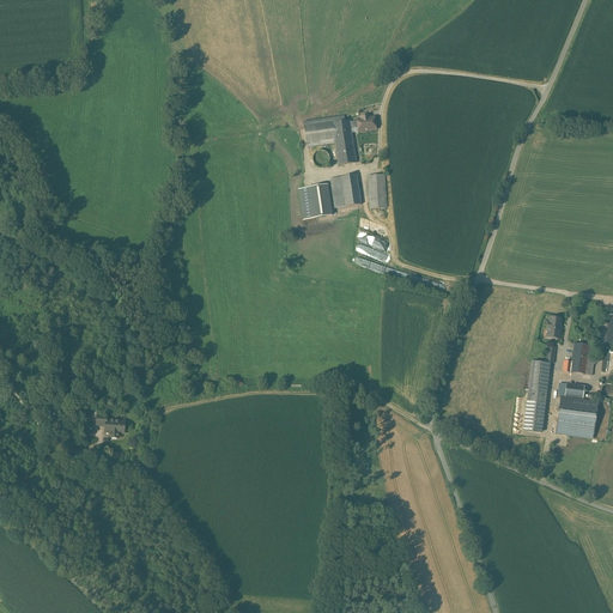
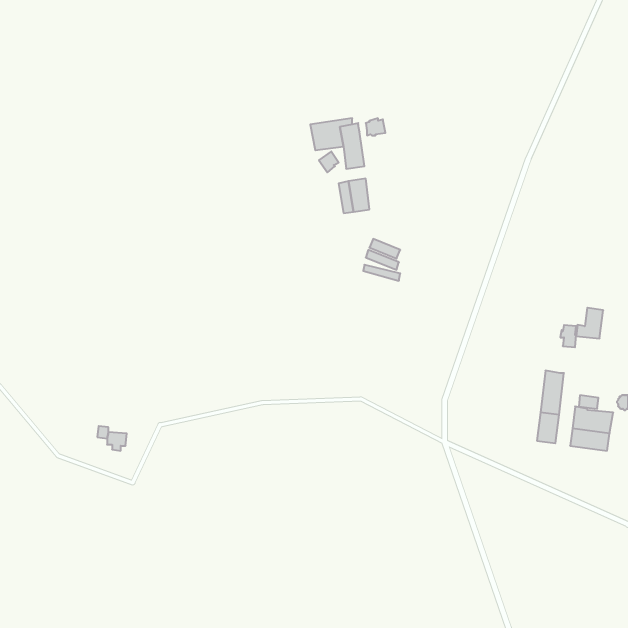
building: [366,174,386,208] -> none
building: [297,183,330,218] -> none
building: [562,344,588,374] -> [576,308,603,338]

